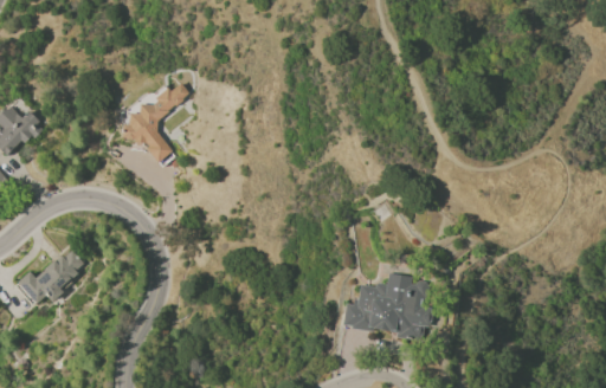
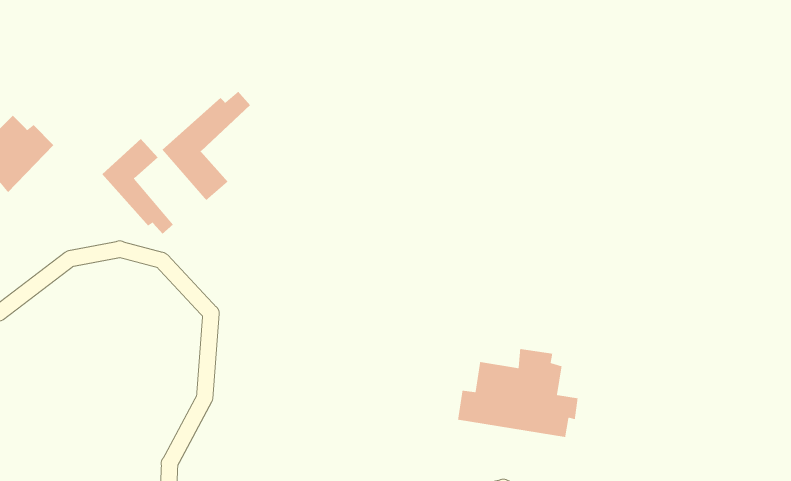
building: none -> [101,138,174,235]
building: [14,248,85,306] -> none

